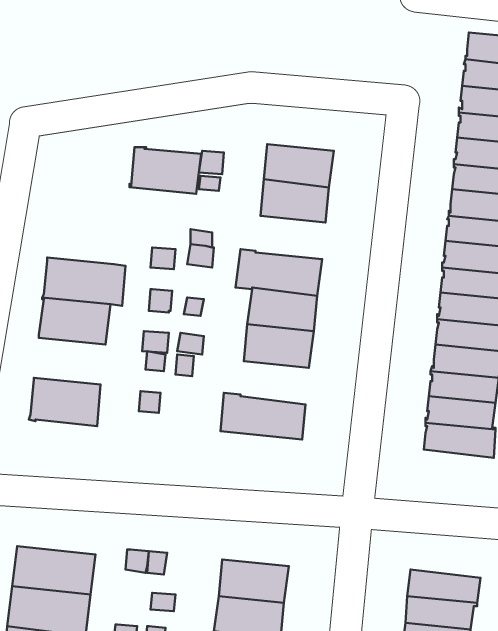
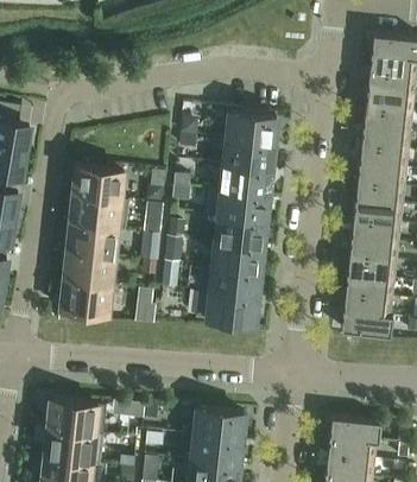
building: [129,147,201,194] -> [72,167,124,201]
building: none -> [221,166,271,197]
building: none -> [63,253,114,286]
building: none -> [210,269,259,300]

